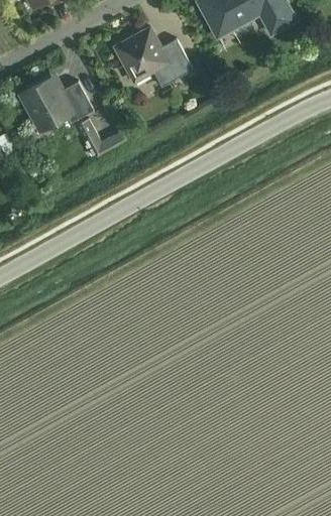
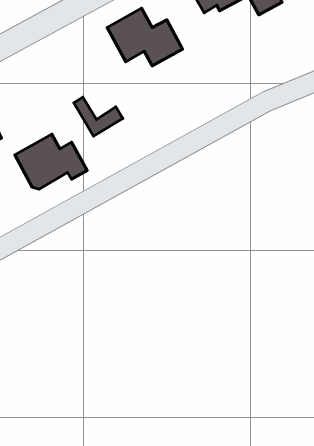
building: [18,73,93,129] -> [15,134,87,189]

